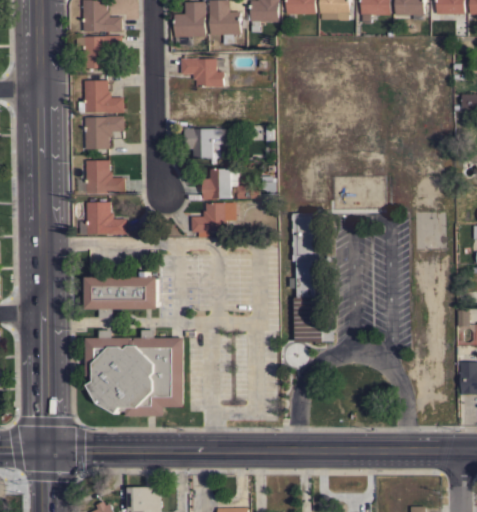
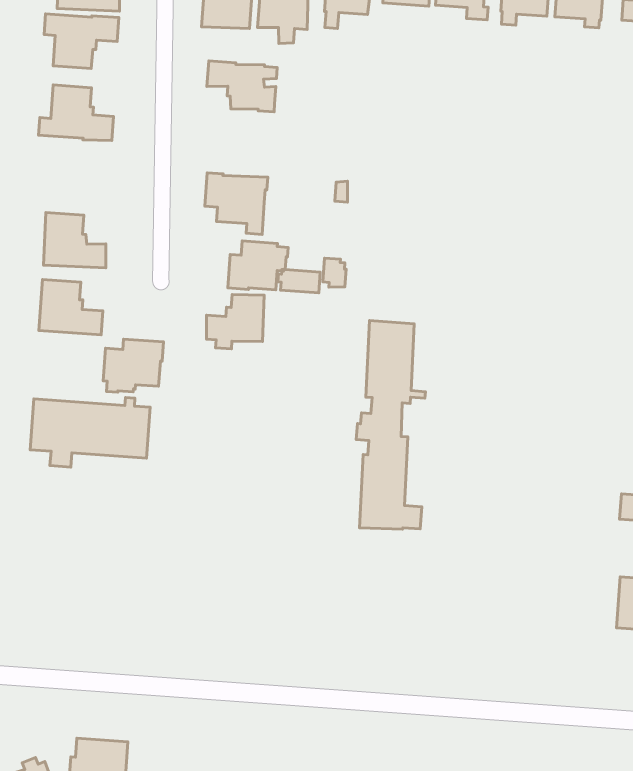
building: [84,116,123,149] -> none
building: none -> [103,339,164,392]
building: [85,330,183,416] -> none

